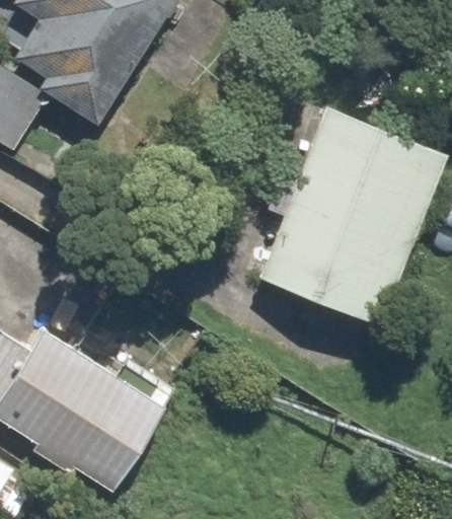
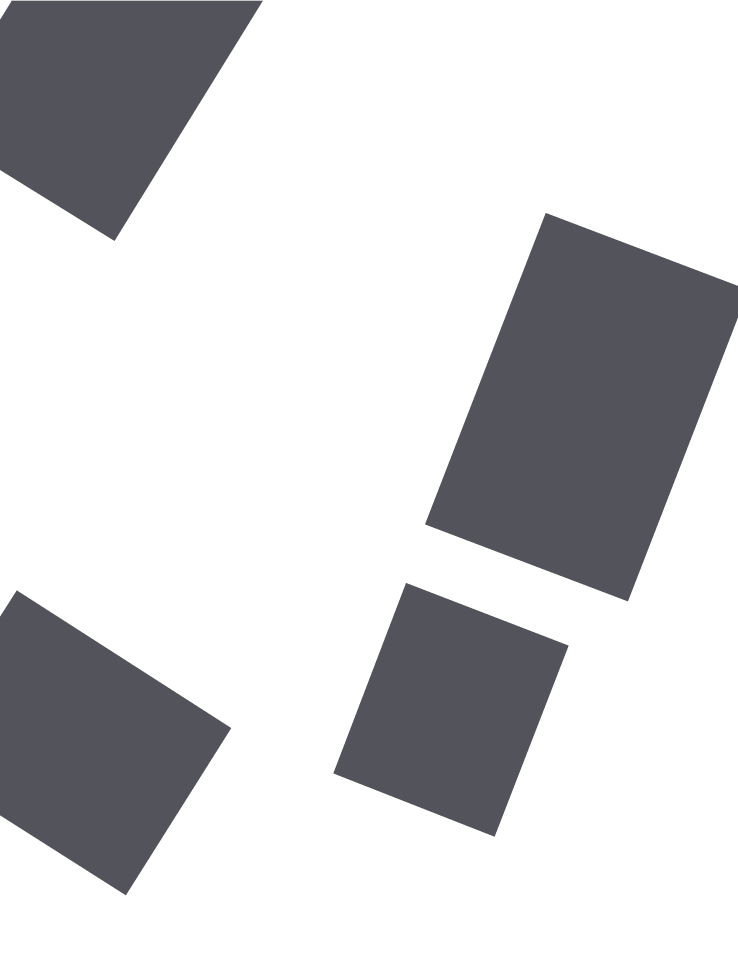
building: none -> [332,582,570,838]

